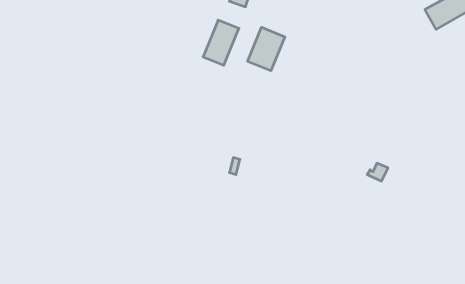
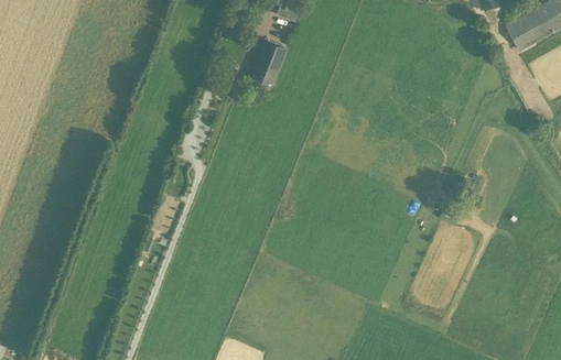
building: [248,27,285,71] -> none

